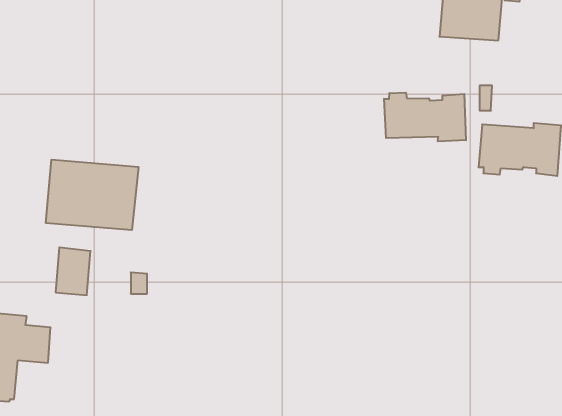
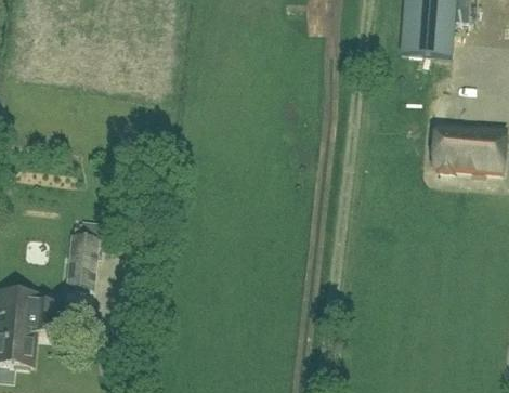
building: [384,93,466,141] -> none
building: [46,160,138,230] -> none

